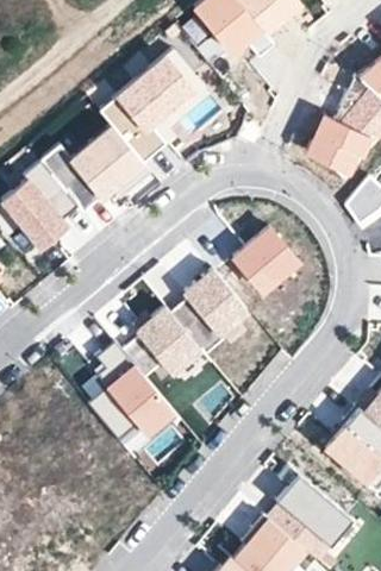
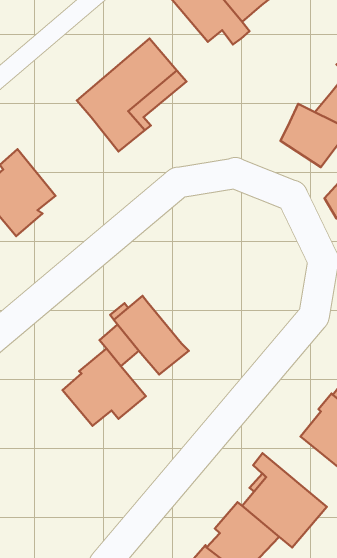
building: [75,128,145,199] -> none
building: [233,228,298,293] -> none
building: [170,269,248,354] -> none

